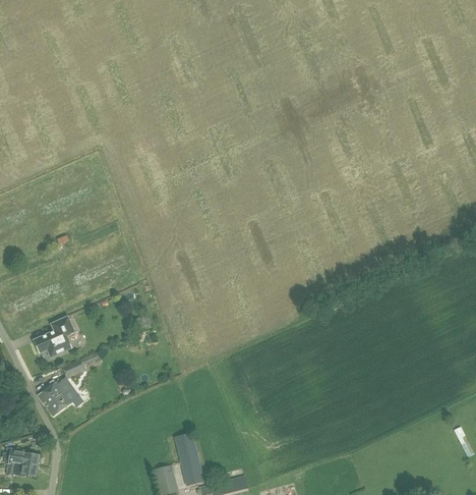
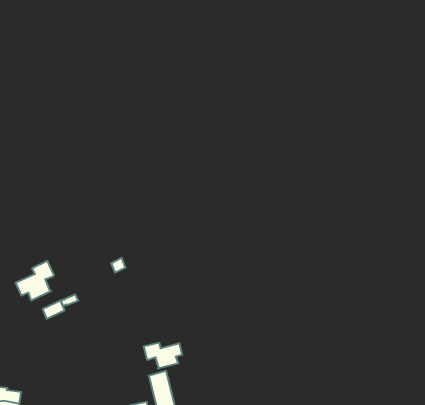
building: [38,381,72,416] -> none
building: none -> [144,343,182,369]

